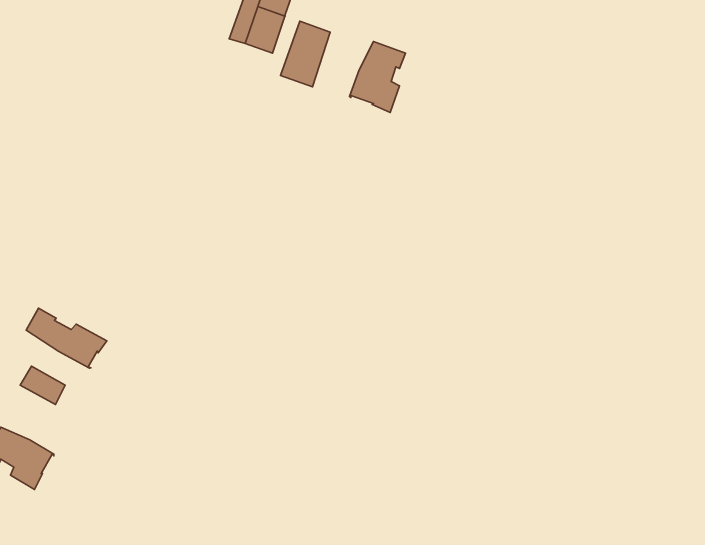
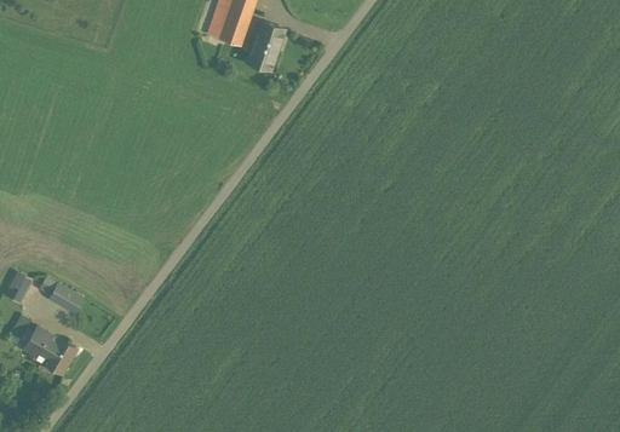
building: [350,41,406,112] -> none
building: [26,308,107,368] -> none

